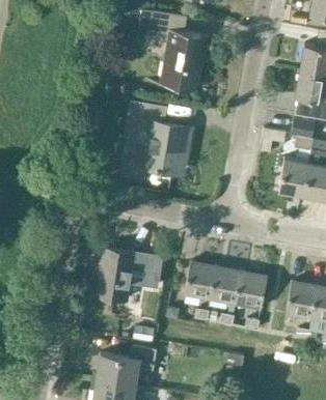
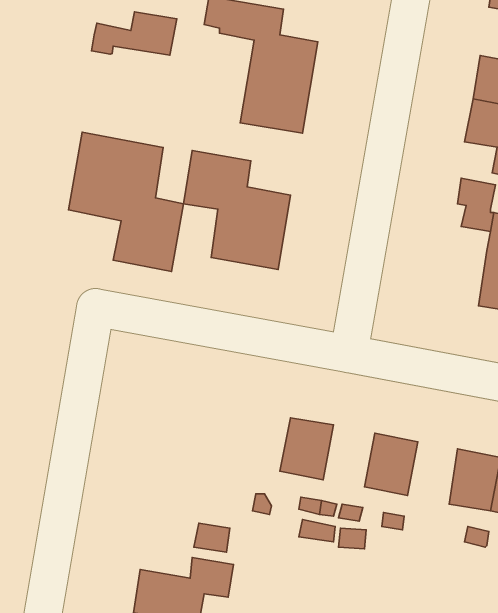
building: none -> [91,12,177,55]
building: none -> [69,132,183,272]
building: [279,158,309,195] -> none
building: [98,248,160,299] -> none
building: [211,266,242,304] -> none

